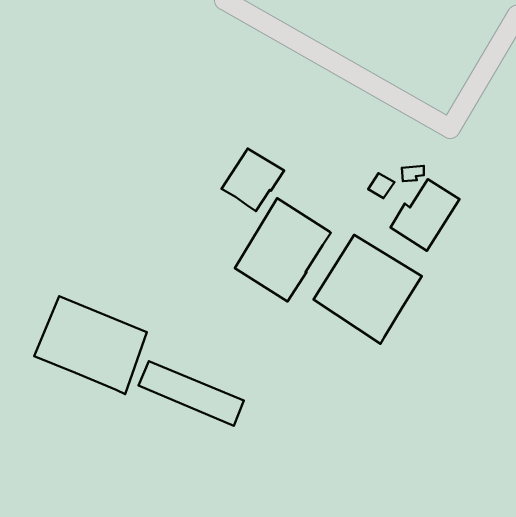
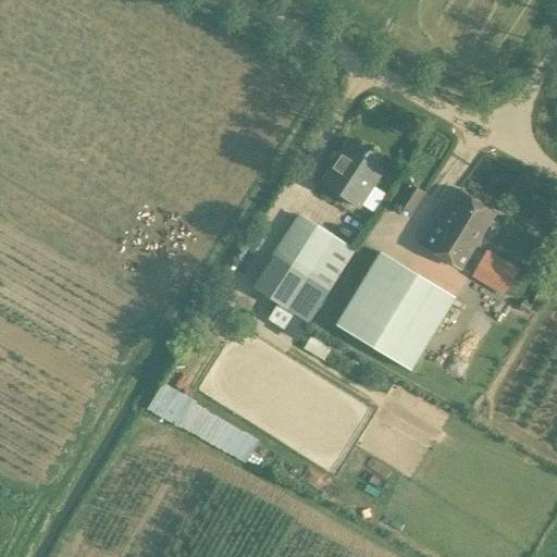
building: [221,148,284,211] -> [321,140,388,208]
building: none -> [473,253,517,294]
building: [34,296,147,394] -> none

